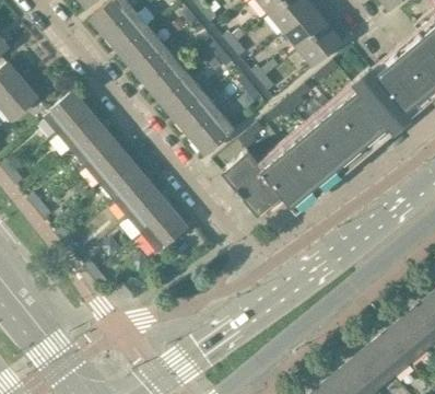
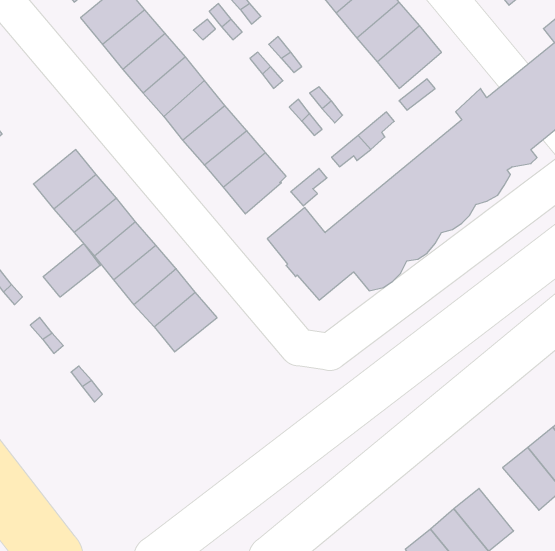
building: [44,91,89,134] -> none
building: none -> [43,243,100,297]
building: [369,332,411,375] -> none

